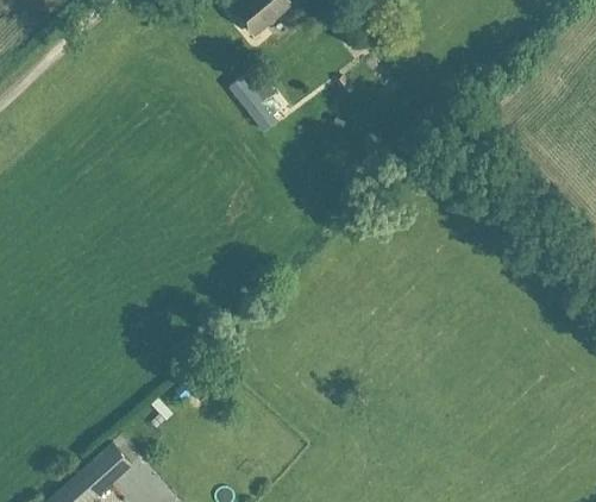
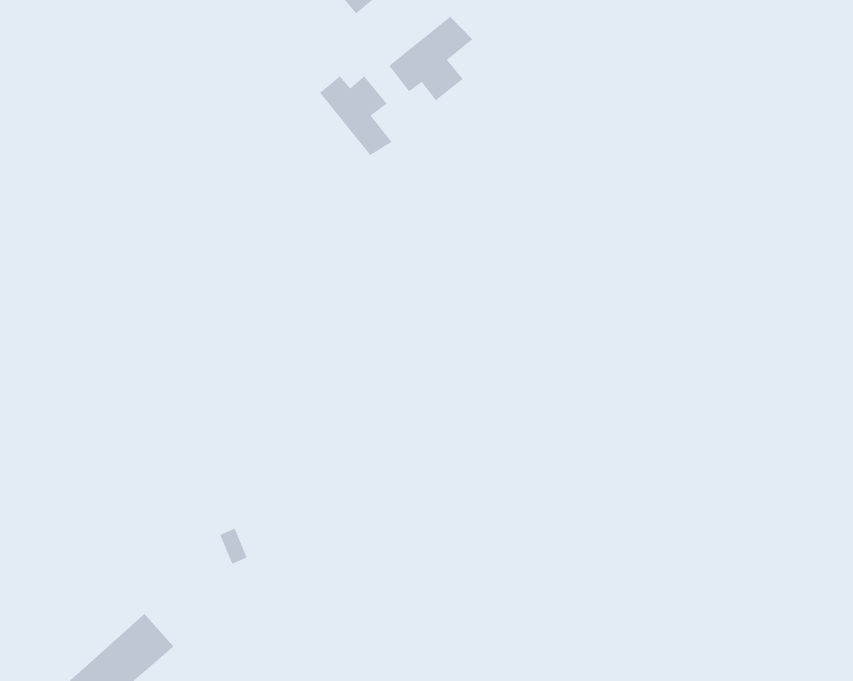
building: none -> [388,16,473,101]

